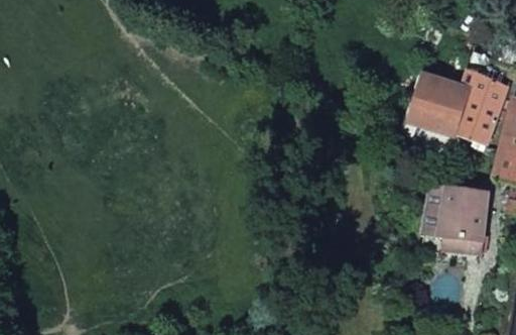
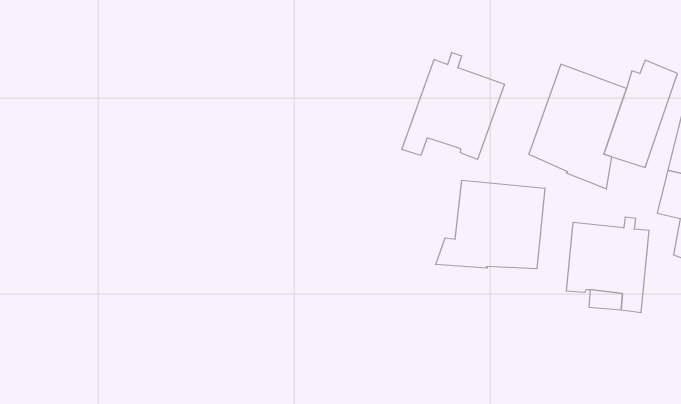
building: none -> [402,52,505,159]
building: none -> [436,180,545,269]

